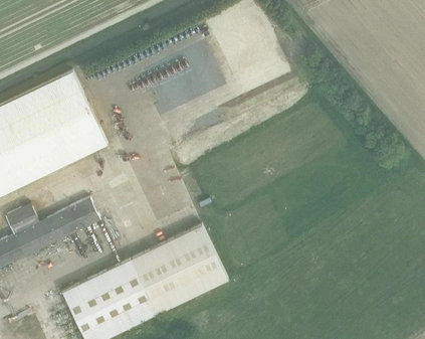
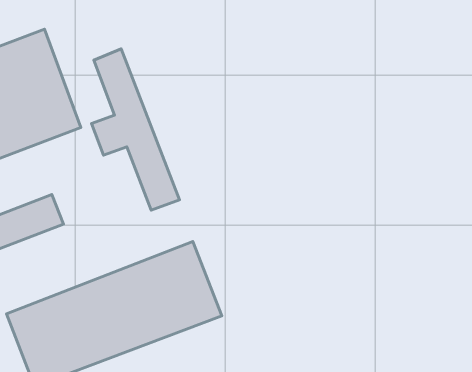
building: none -> [91,49,179,210]

